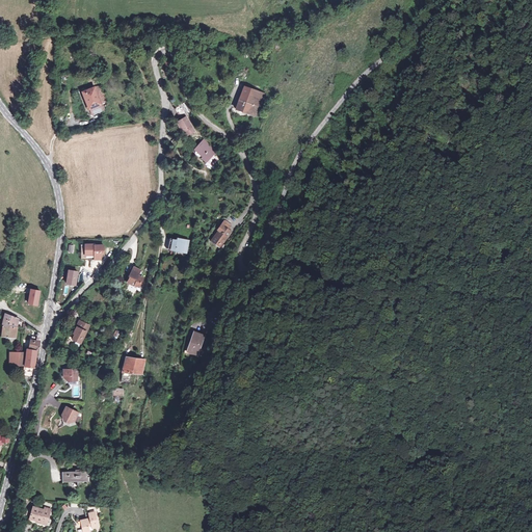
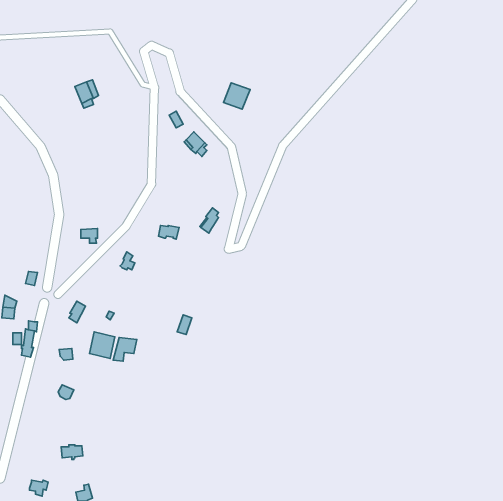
building: none -> [90,332,115,358]

